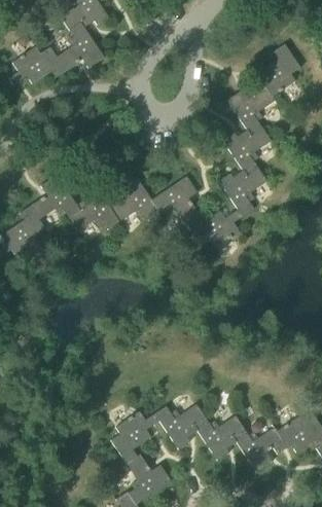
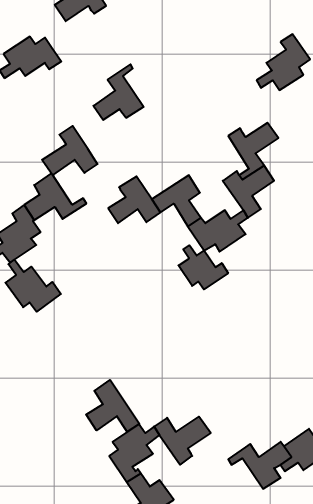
building: [57,16,104,69] -> [93,64,144,120]
building: [226,86,275,140] -> none
building: [67,185,119,231] -> [42,126,98,175]
building: none -> [178,245,228,289]
building: none -> [5,260,61,312]
building: none -> [86,380,139,432]
building: [185,418,240,461] -> none

